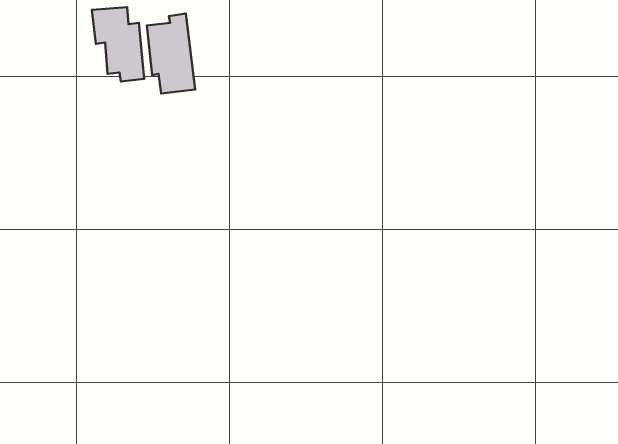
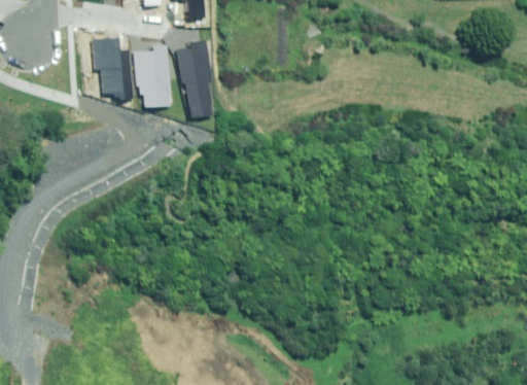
building: none -> [177,41,211,116]

